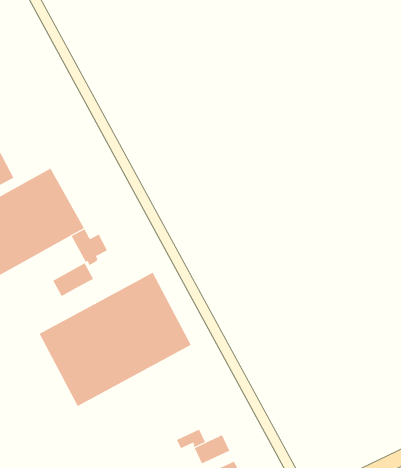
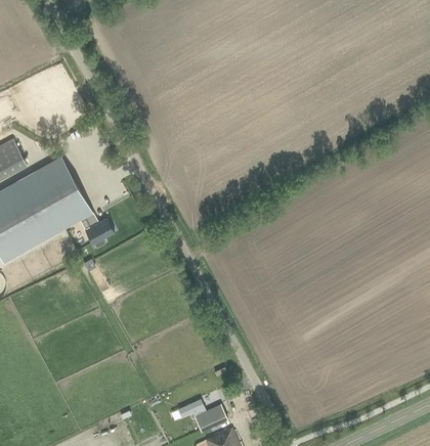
building: [52,263,94,297] -> none
building: [39,272,192,407] -> none

